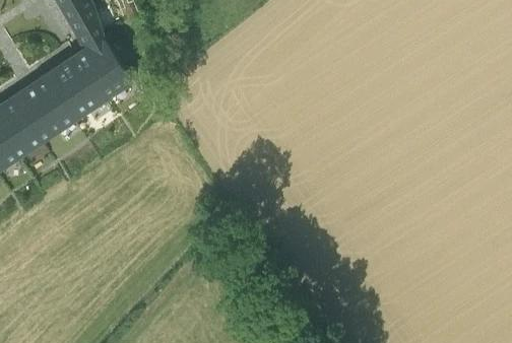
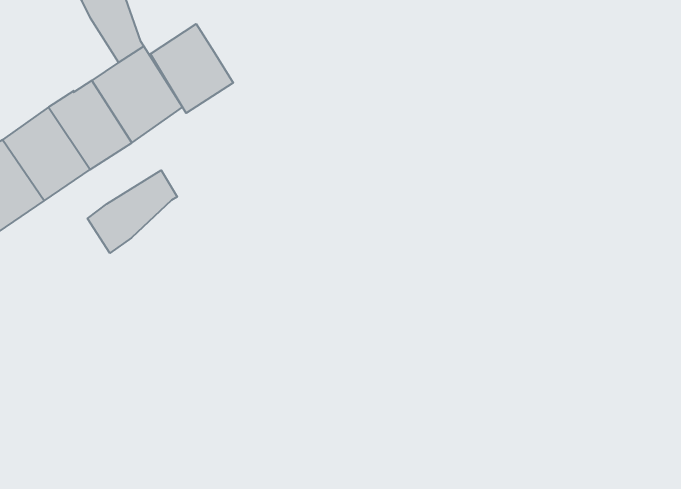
building: none -> [150,24,233,113]
building: none -> [88,170,177,253]

